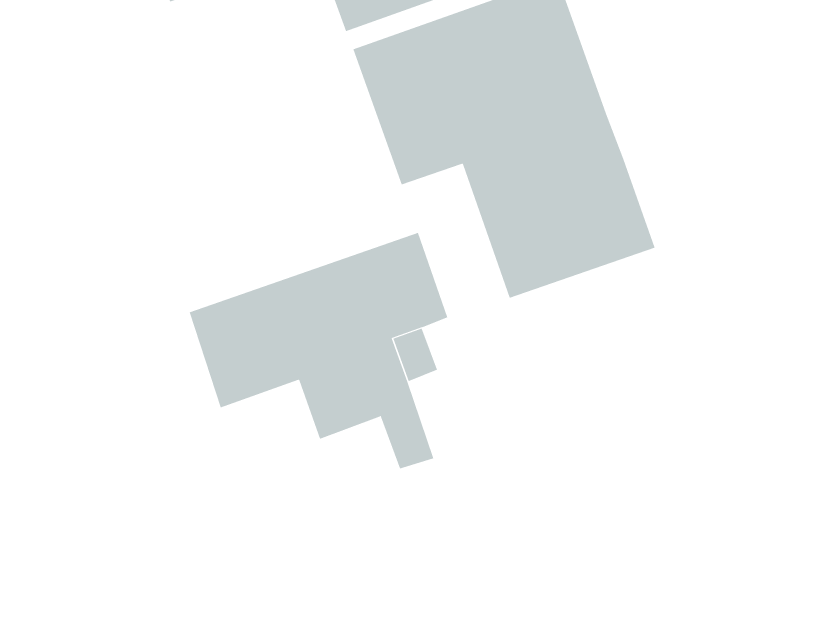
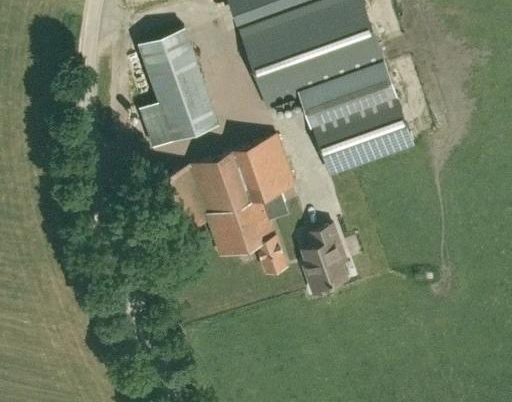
building: none -> [138,28,218,147]
building: none -> [300,225,344,293]

